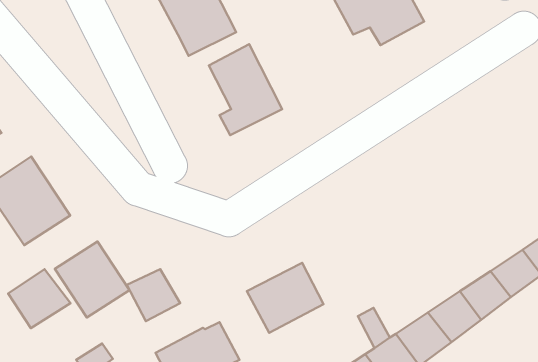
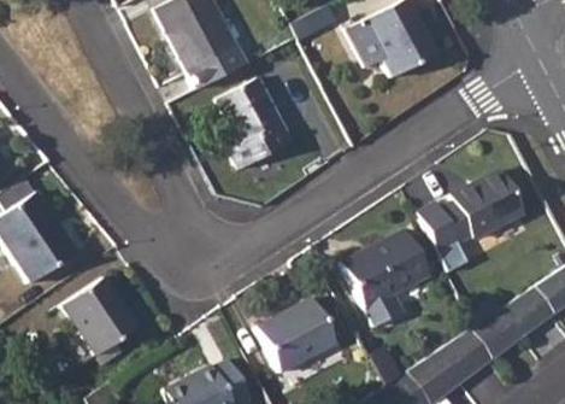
building: none -> [418,171,524,274]
building: none -> [341,230,429,327]
building: [127,269,180,321] -> none
building: [8,269,71,328] -> none

